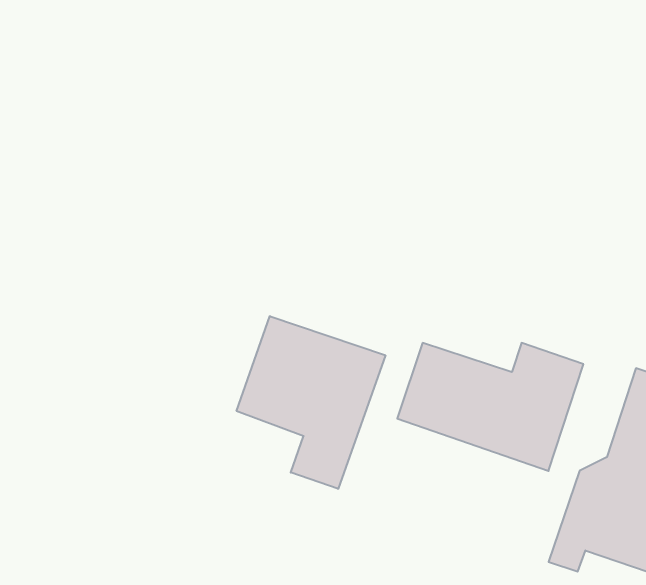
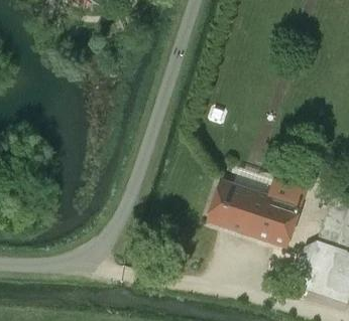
building: [237,316,385,489] -> none

